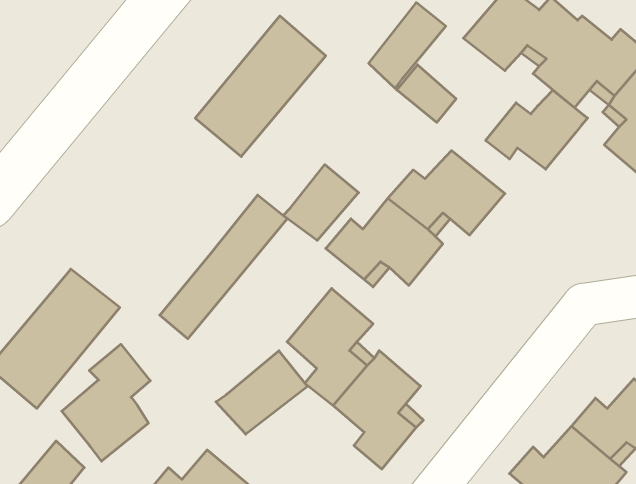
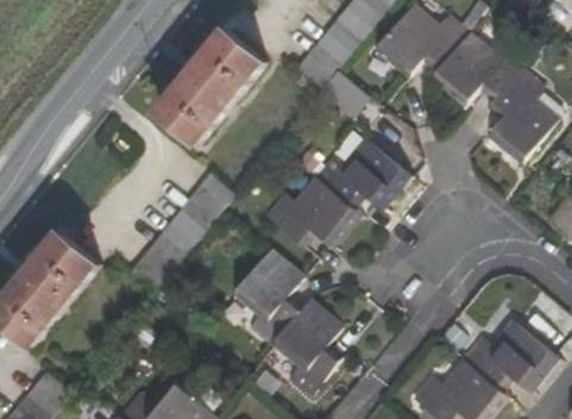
building: [486,90,588,169] -> none
building: [283,165,359,240] -> none
building: [62,344,150,461] -> none
building: [216,351,308,434] -> none

